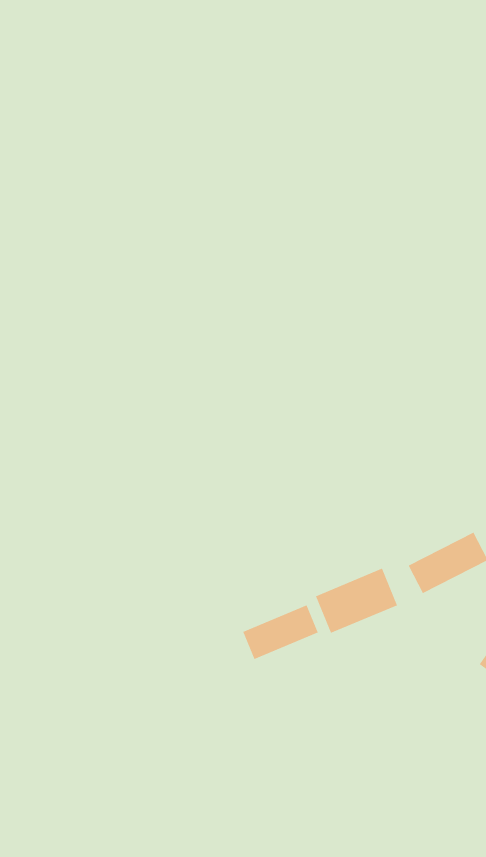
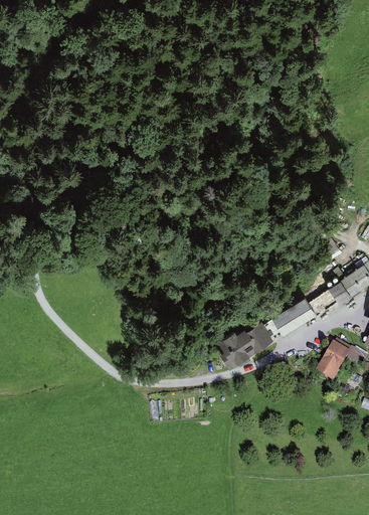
building: [243,604,319,660] -> none

